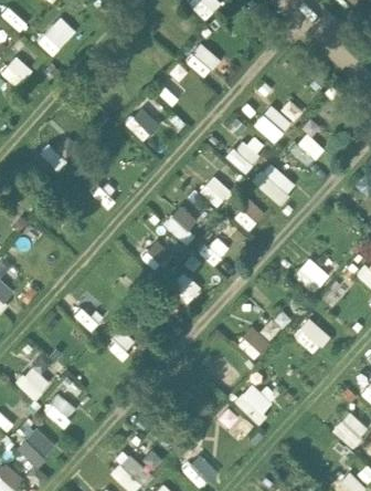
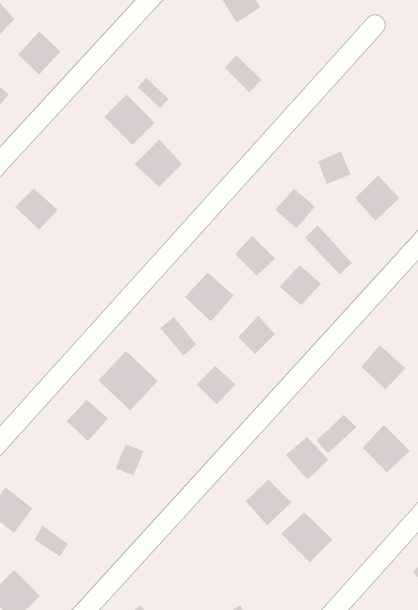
building: none -> [104,94,156,146]
building: none -> [97,350,159,411]

